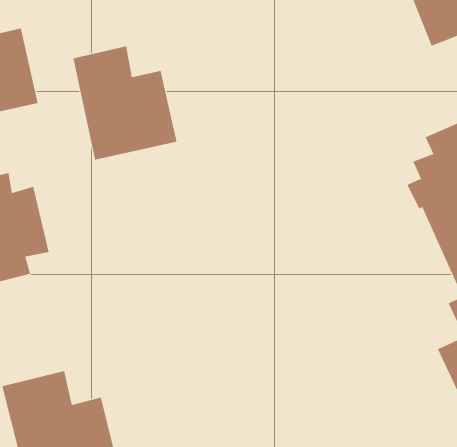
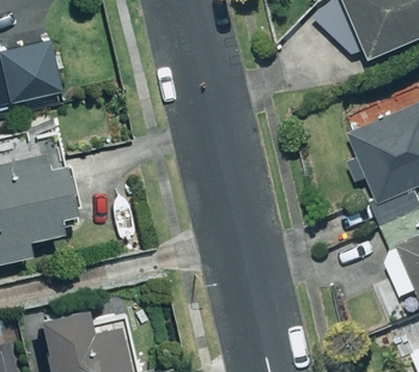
building: [73,46,177,160] -> none

